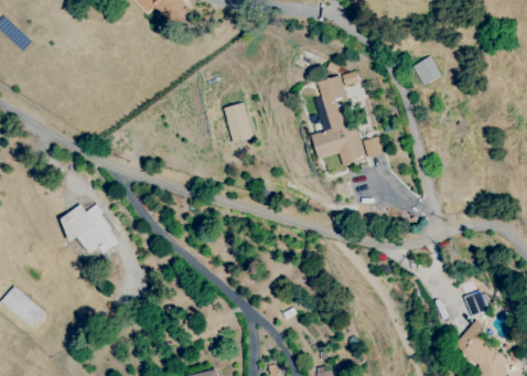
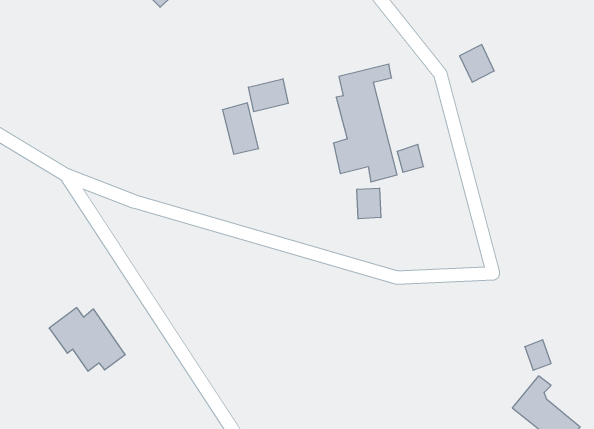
building: none -> [248,79,288,112]
building: none -> [357,188,381,219]
building: [58,204,119,255] -> [49,308,125,371]

